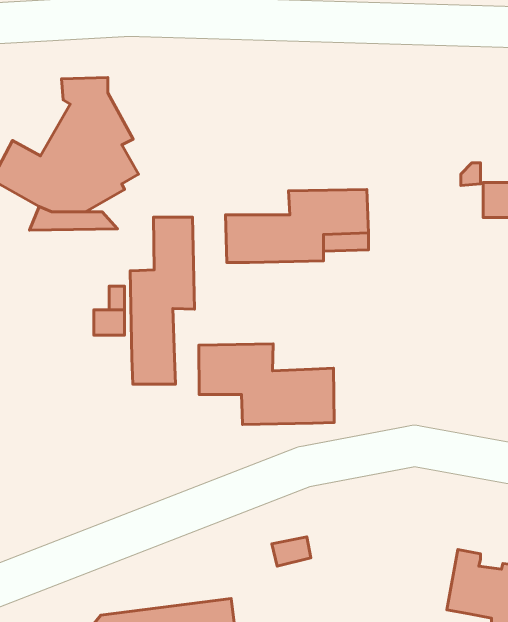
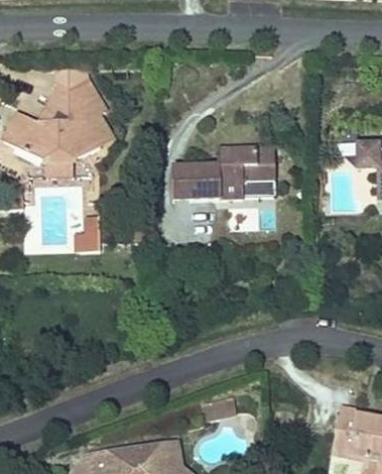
building: [130,217,194,384] -> none
building: [199,344,334,425] -> none

